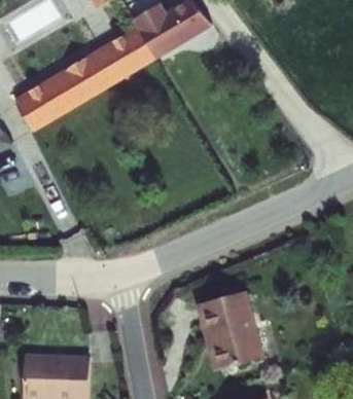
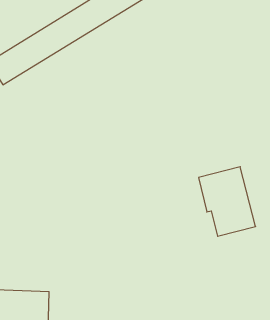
building: [196,290,260,369] -> [199,167,256,236]

